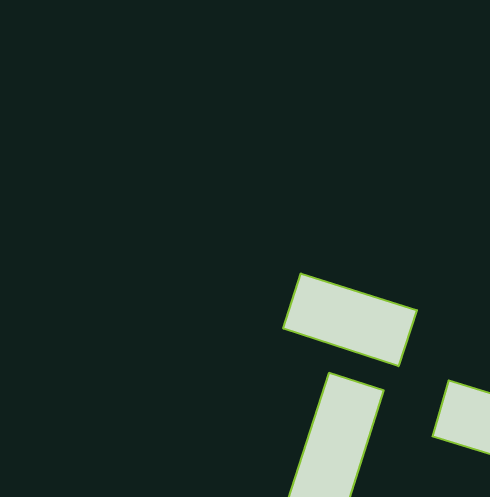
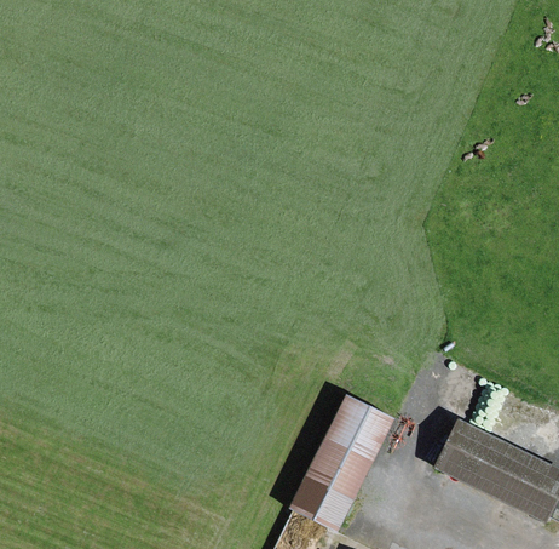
building: [283,273,417,366] -> none

